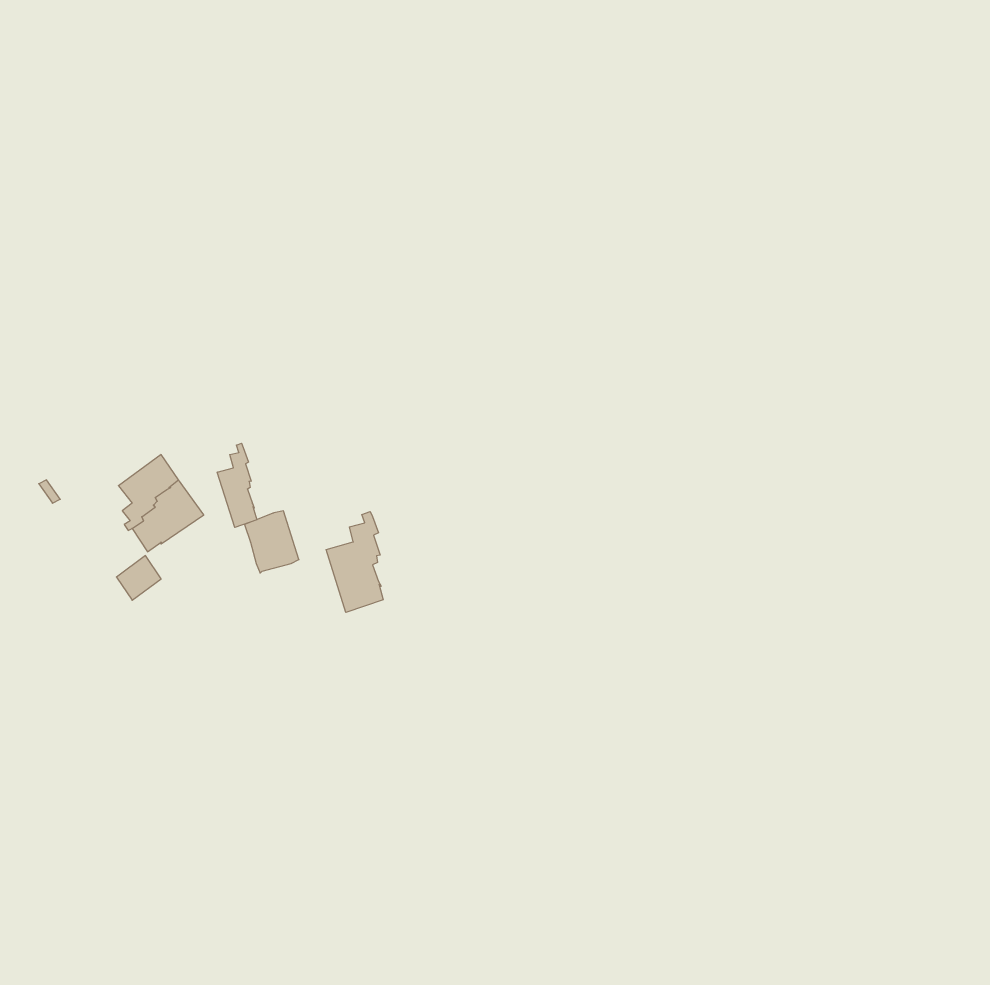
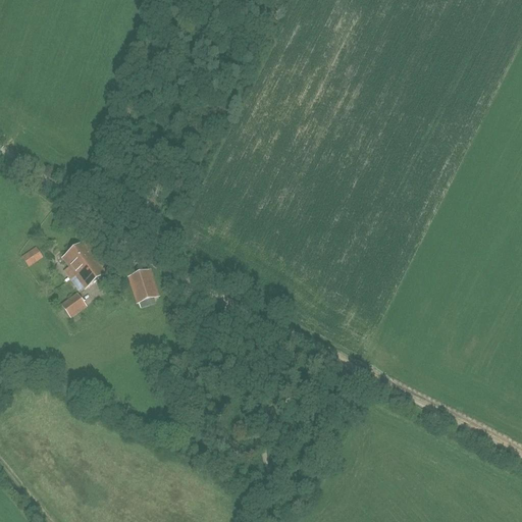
building: [217,443,257,527] -> none
building: [326,512,383,612] -> none

